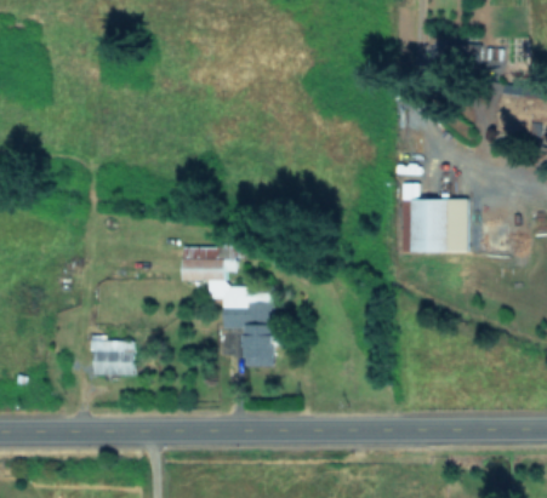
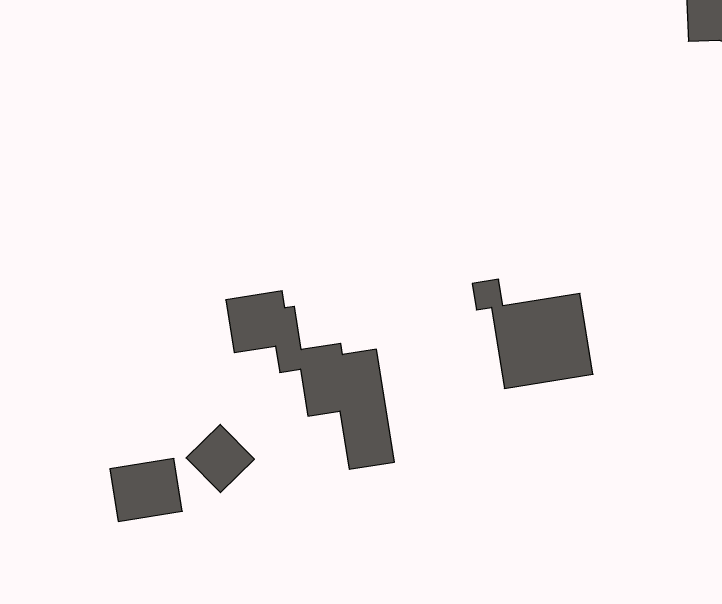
building: [401,183,468,252] -> [472,279,593,388]
building: none -> [186,424,254,493]

